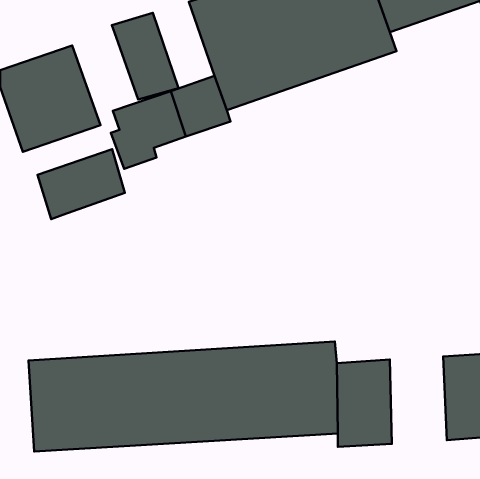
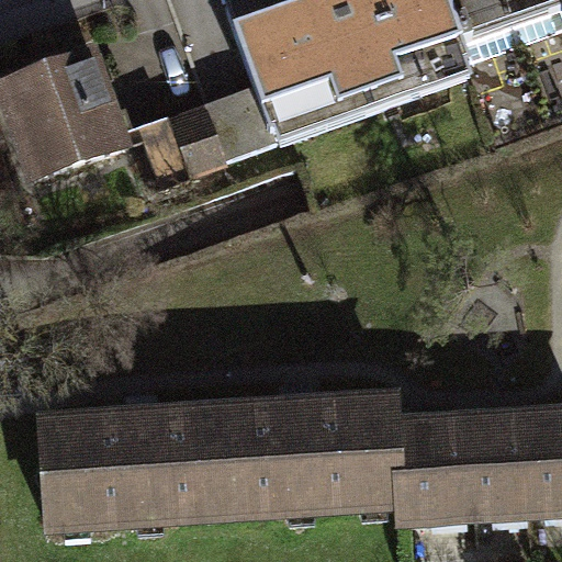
building: [112,13,179,100] -> none
building: [38,149,125,219] -> none
building: none -> [457,413,522,514]

